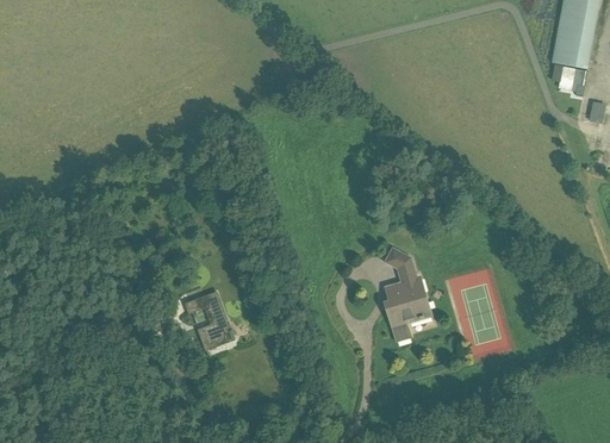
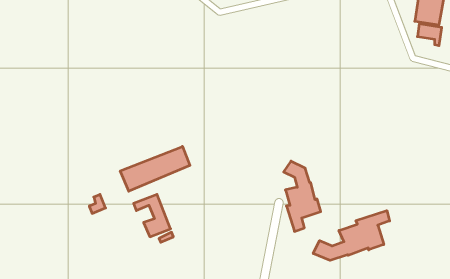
building: none -> [120,146,190,191]
building: none -> [313,211,390,260]

